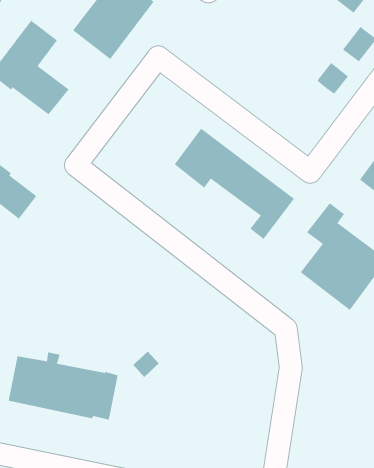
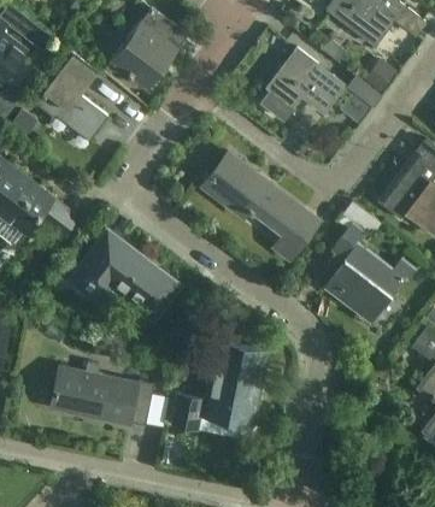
building: none -> [268,51,343,113]
building: none -> [71,231,180,318]
building: none -> [170,343,270,442]

